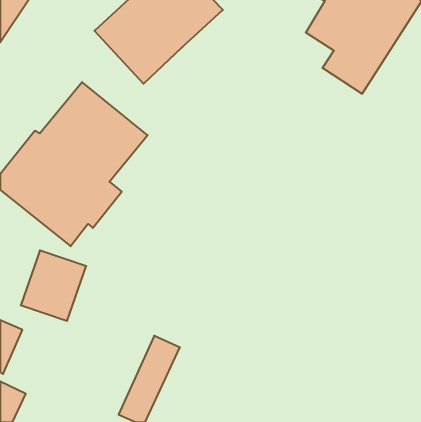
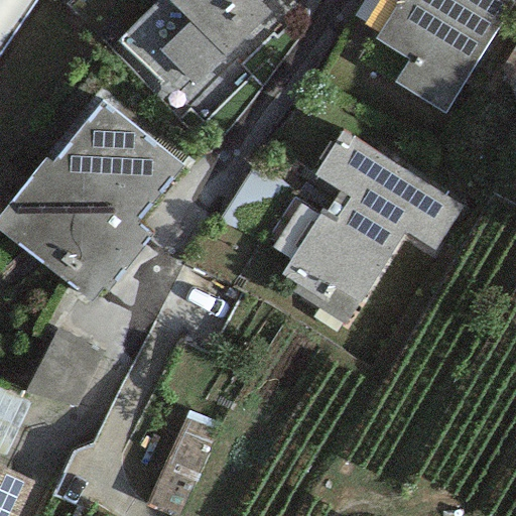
building: none -> [272,128,467,317]

